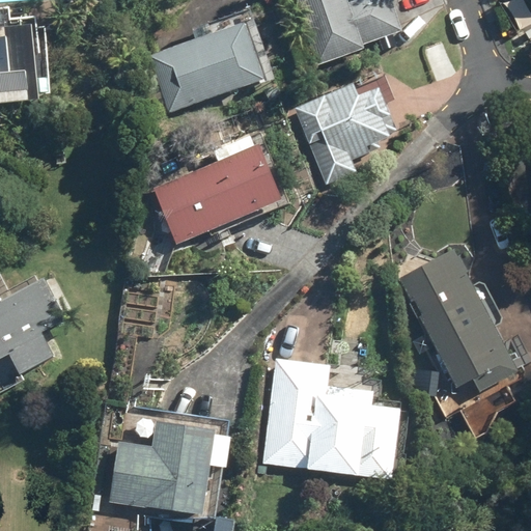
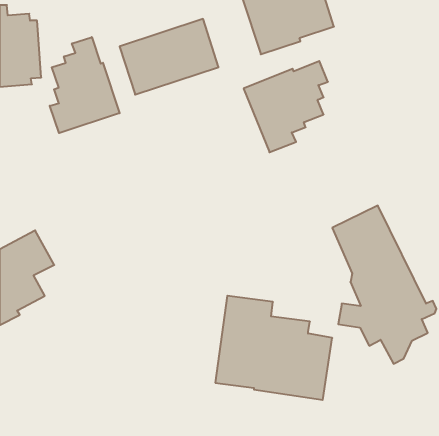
building: none -> [50,37,120,133]
building: [155,137,286,244] -> none
building: [110,402,230,519] -> none

